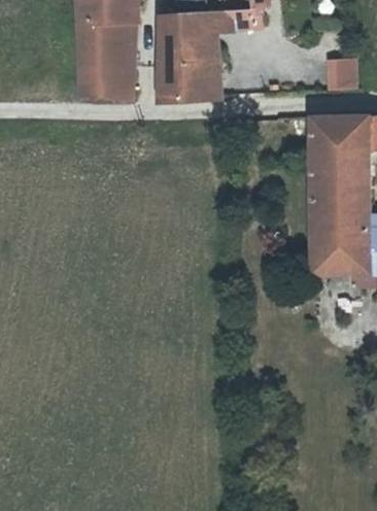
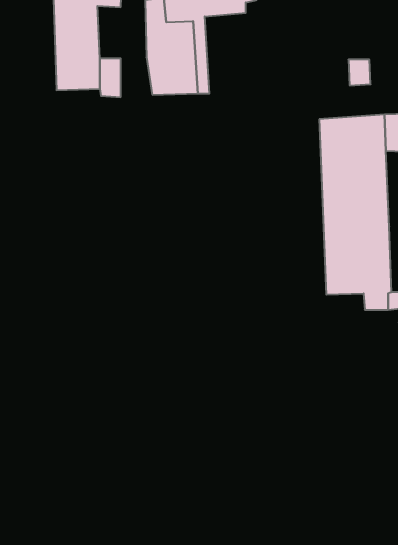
building: [107,21,128,67] -> none

